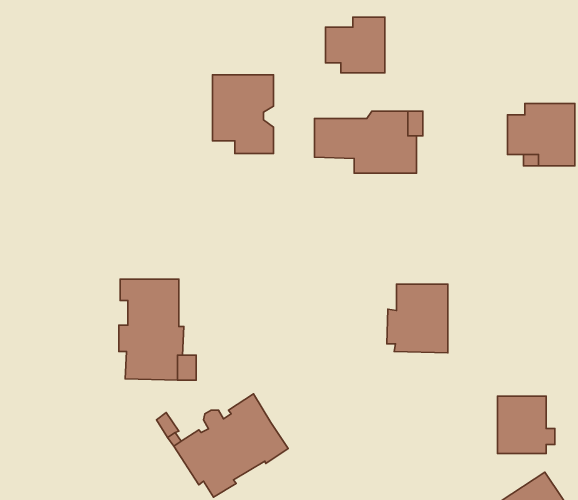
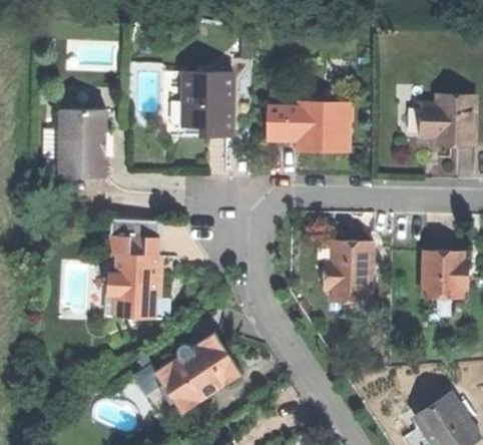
building: [325,17,385,73] -> none
building: none -> [59,110,104,178]
building: [498,396,555,453] -> [424,249,470,295]

